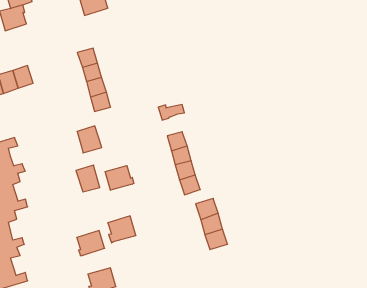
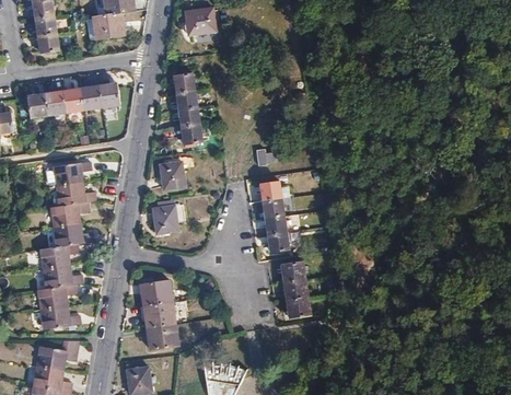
building: [105,166,134,190] -> none
building: [108,216,136,243] -> [144,300,175,327]

